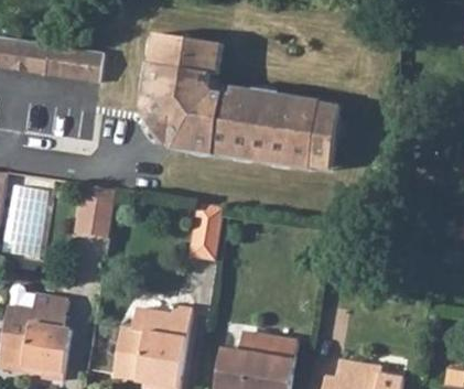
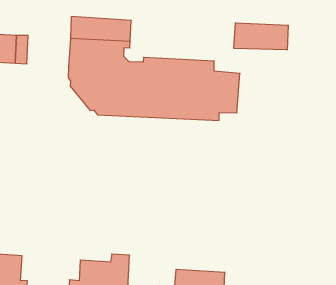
building: none -> [234,23,288,50]
building: [76,183,116,237] -> none
building: [187,203,224,261] -> none

